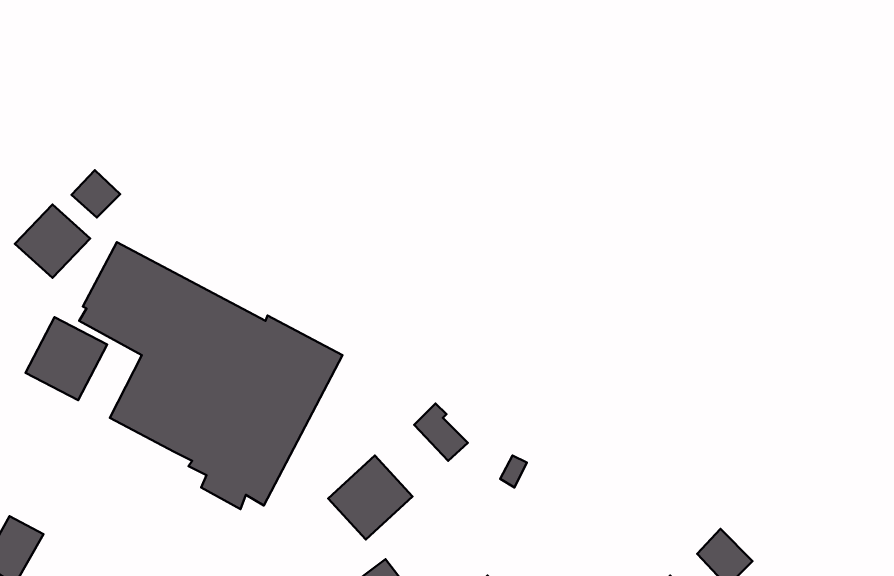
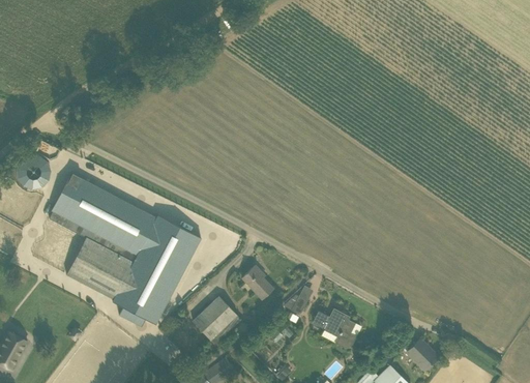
building: [71,170,120,217] -> none
building: [25,317,107,400] -> none
building: none -> [313,308,356,346]

